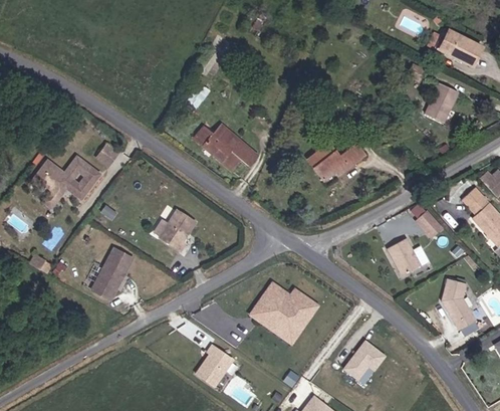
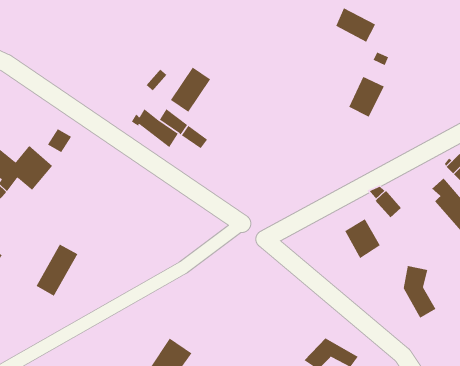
building: [442,36,481,70] -> [335,7,376,43]
building: none -> [170,67,211,113]
building: [427,84,462,125] -> [348,76,385,118]
building: [304,142,353,179] -> none
building: [156,216,194,257] -> none
building: [246,280,314,341] -> none

